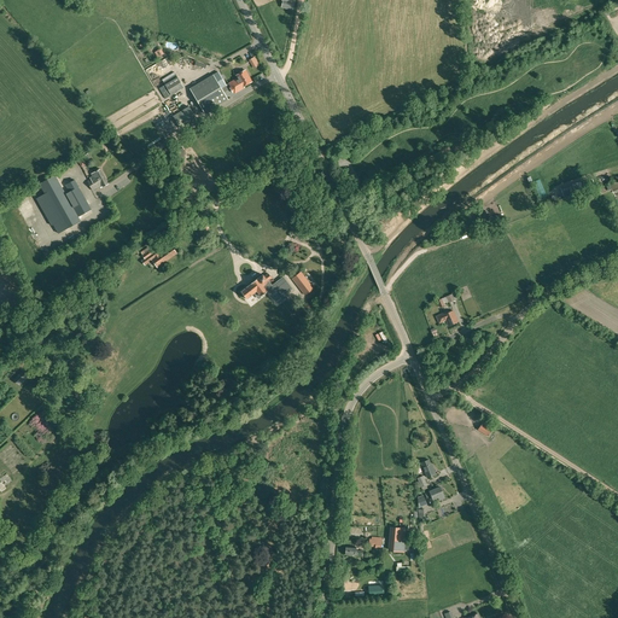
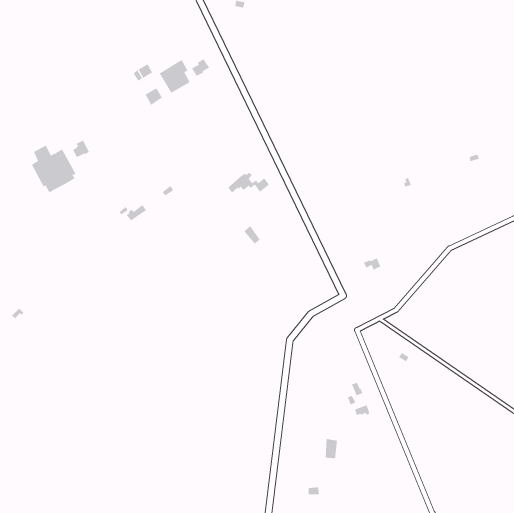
building: [241,273,292,298] -> [227,172,270,193]

